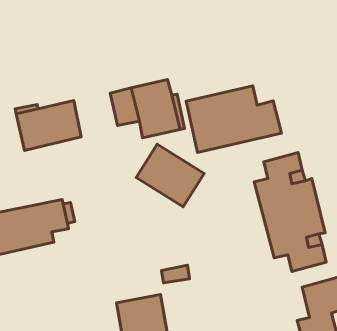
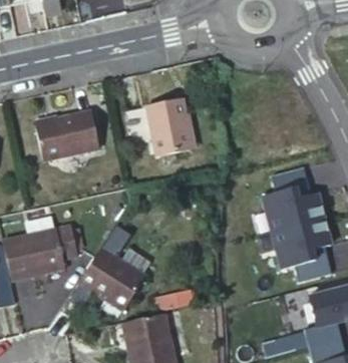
building: [186,86,281,152] -> none
building: [136,144,204,207] -> [84,235,149,295]

